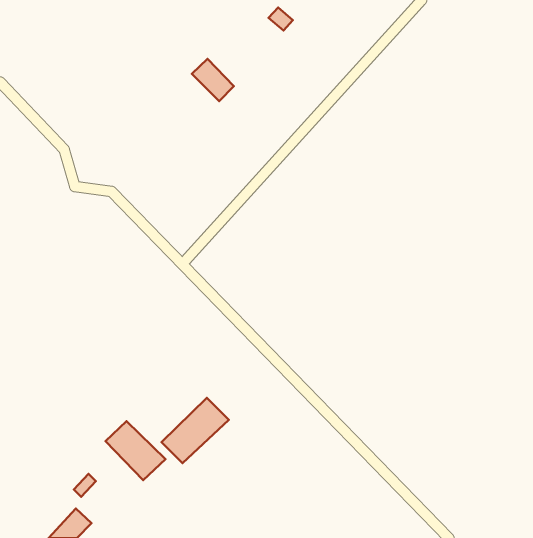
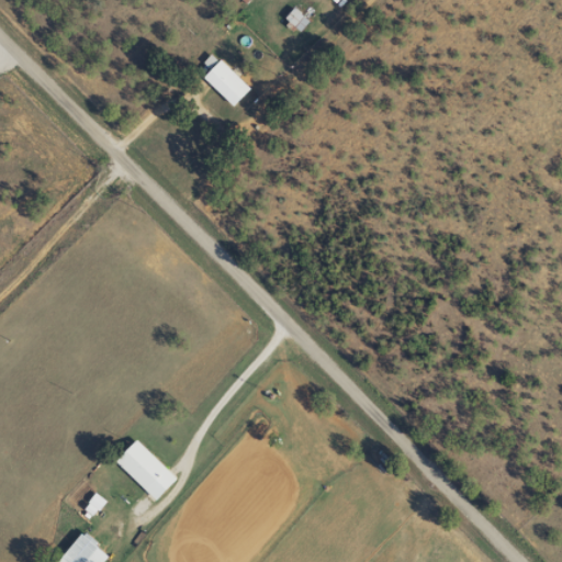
building: [161,398,229,463] -> none

